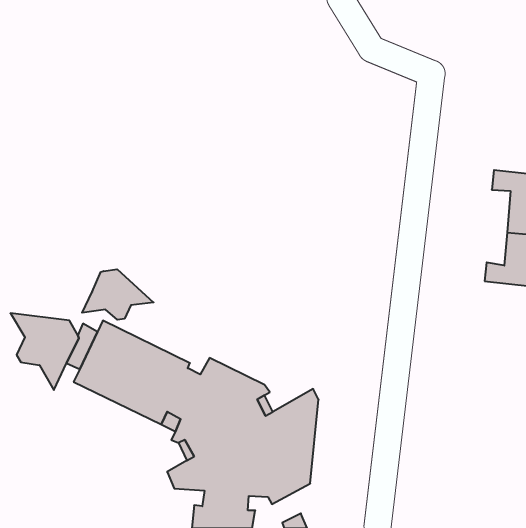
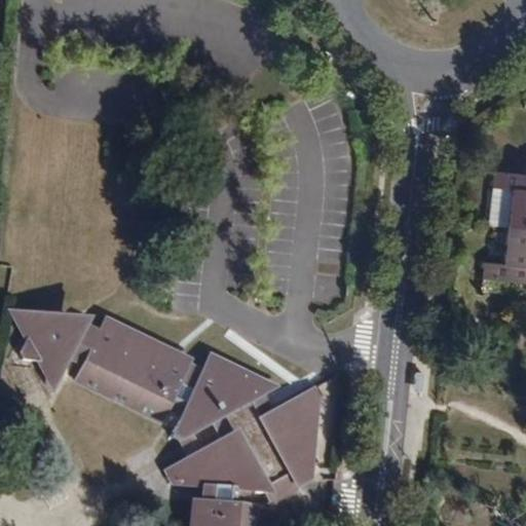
building: [82,269,154,320] -> none

